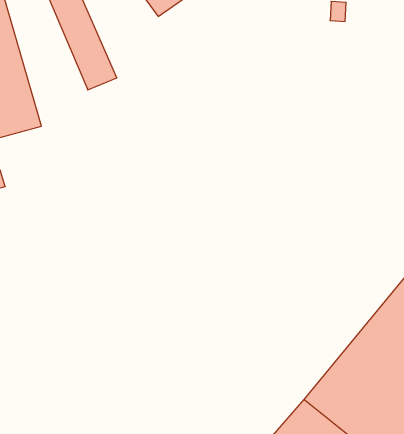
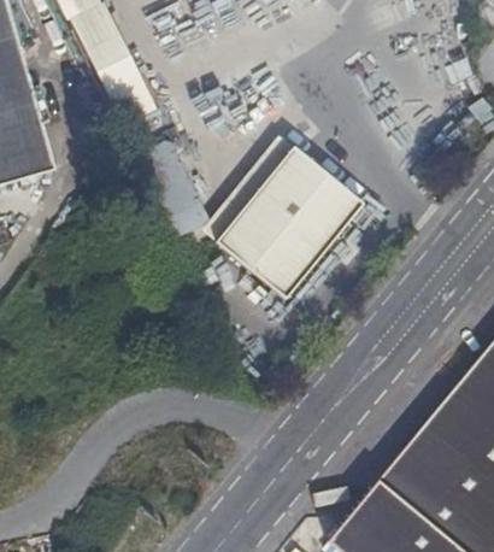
building: none -> [216,146,360,295]

